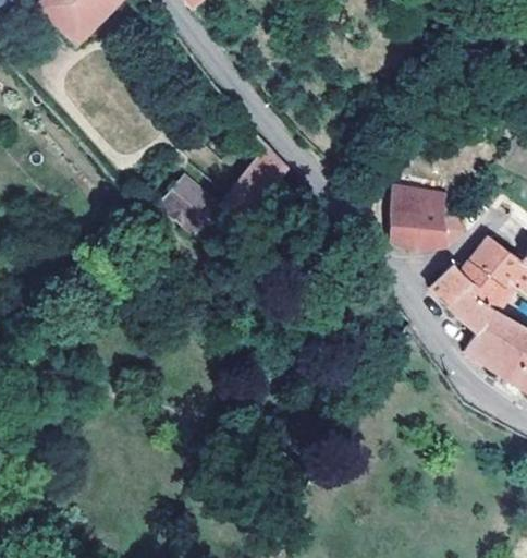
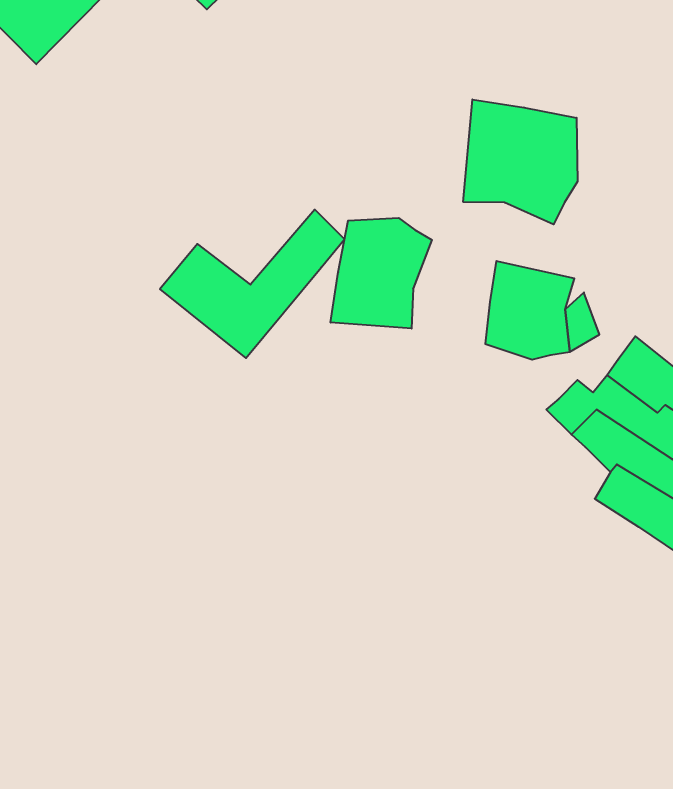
building: none -> [463,99,577,224]
building: none -> [331,218,432,329]

